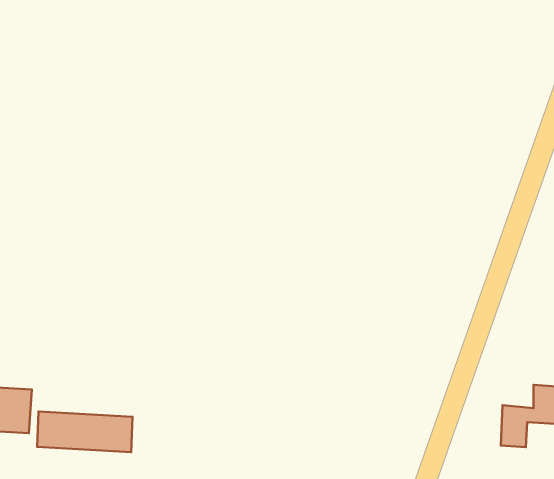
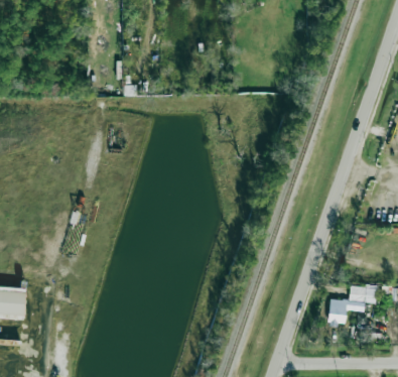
building: [37,411,133,452] -> none

